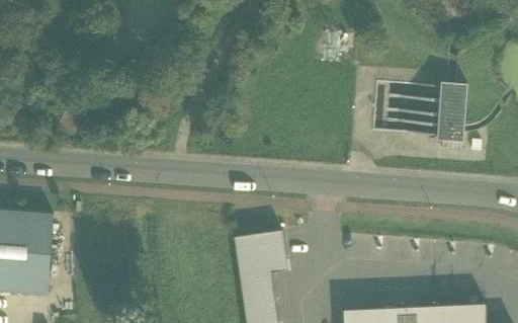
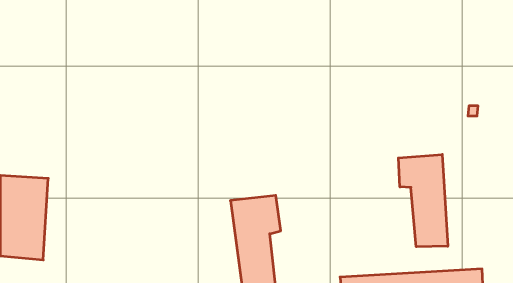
building: [372,81,467,141] -> none
building: none -> [398,154,448,247]

